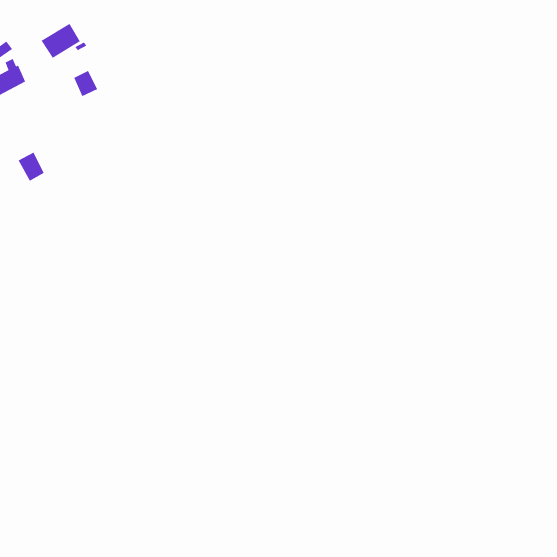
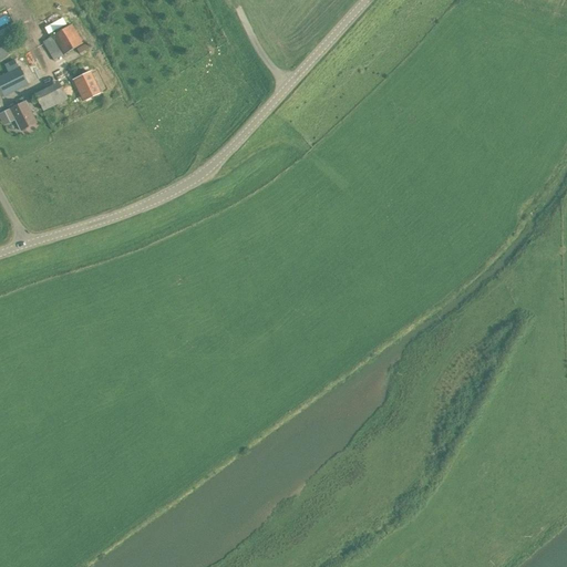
building: none -> [34,81,68,111]
building: [18,151,45,182] -> [8,100,35,131]

